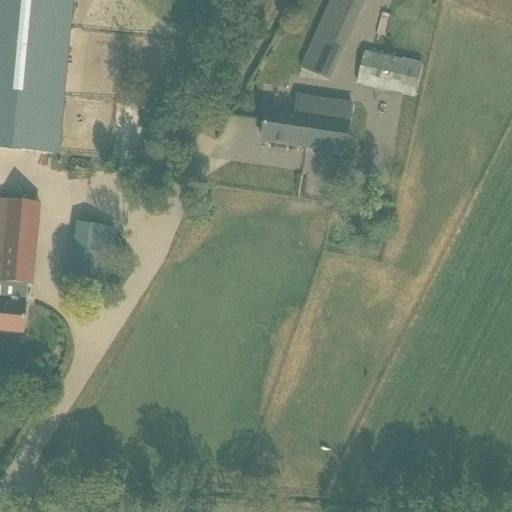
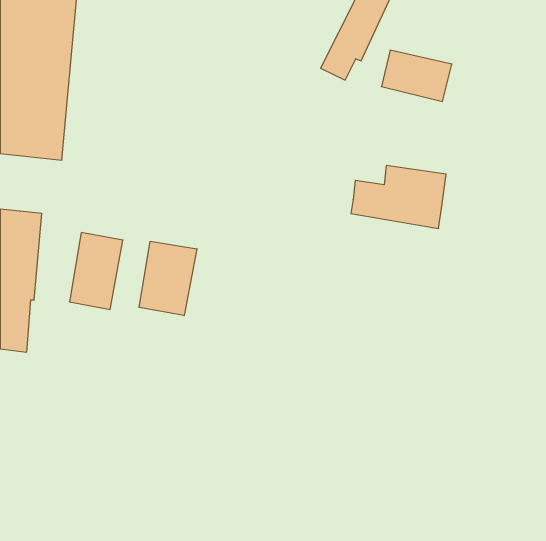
building: [262,93,351,152] -> [351,166,446,228]
building: none -> [139,241,197,316]

